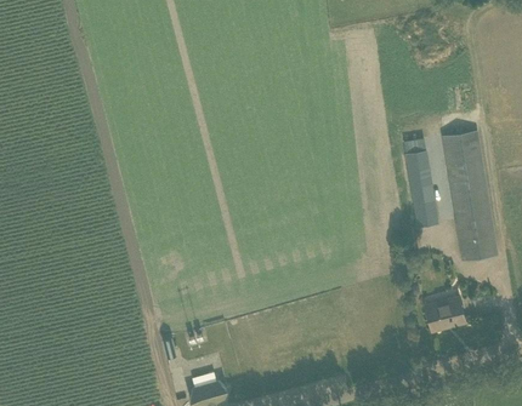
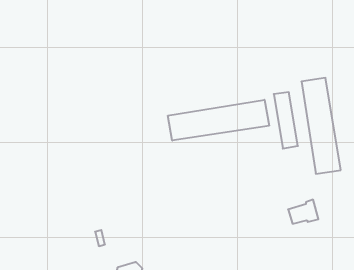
building: none -> [168,100,269,141]

